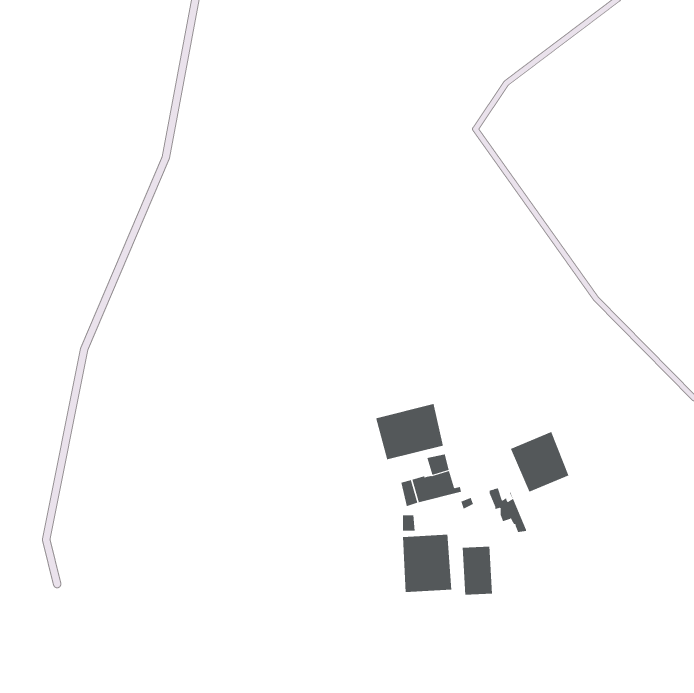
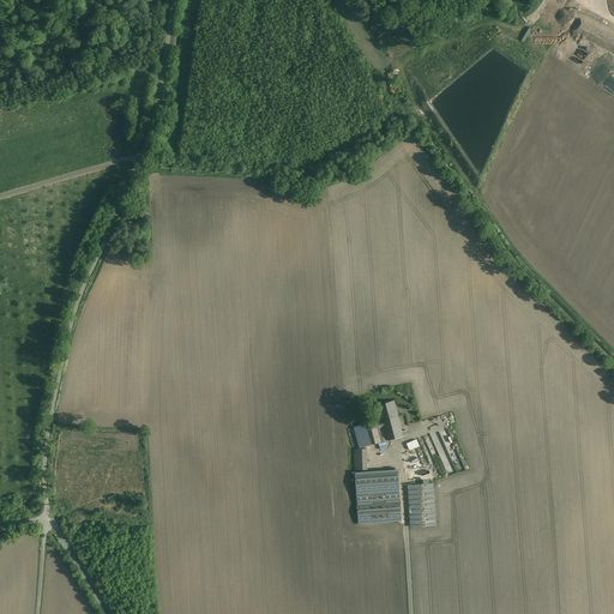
building: [376,403,443,460] -> none
building: [510,431,569,493] -> none

